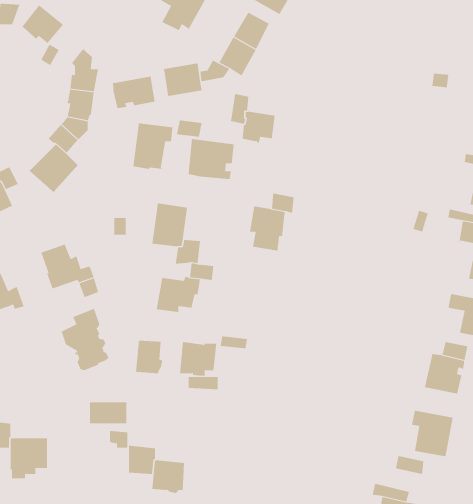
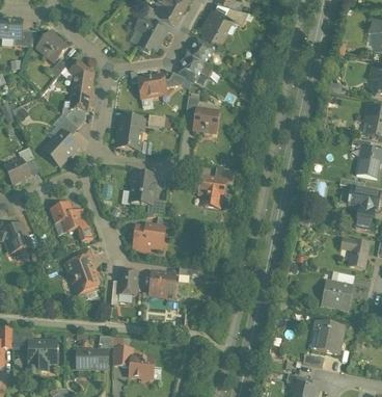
building: [112,73,155,109] -> none
building: [182,138,234,180] -> none
building: [89,402,127,424] -> [78,351,105,367]

